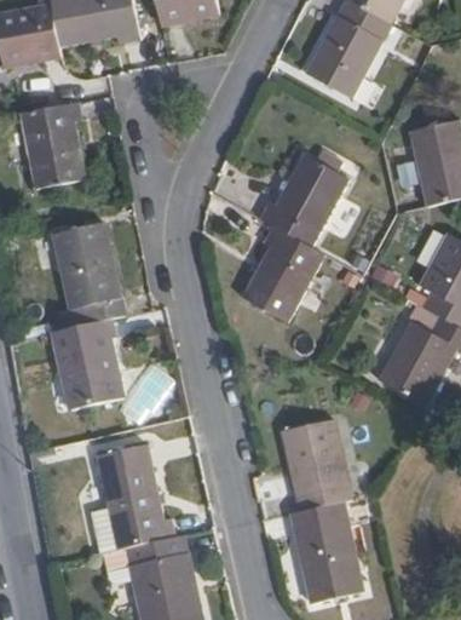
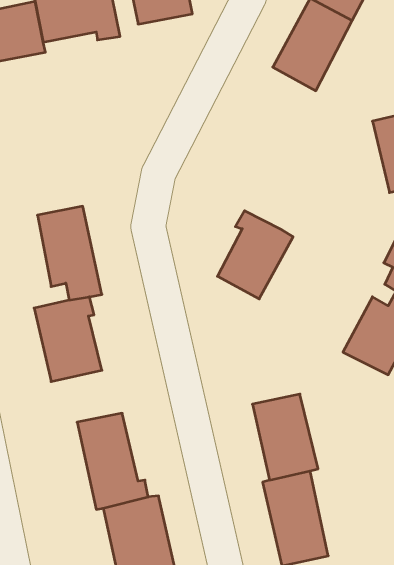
building: [17,101,82,190] -> none
building: [259,153,350,247] -> none

